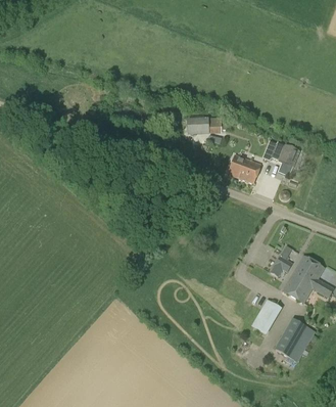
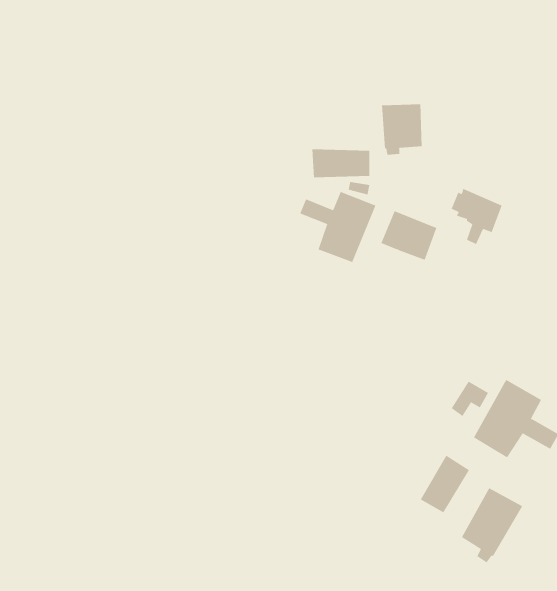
building: none -> [382,104,422,156]
building: none -> [300,191,376,263]

